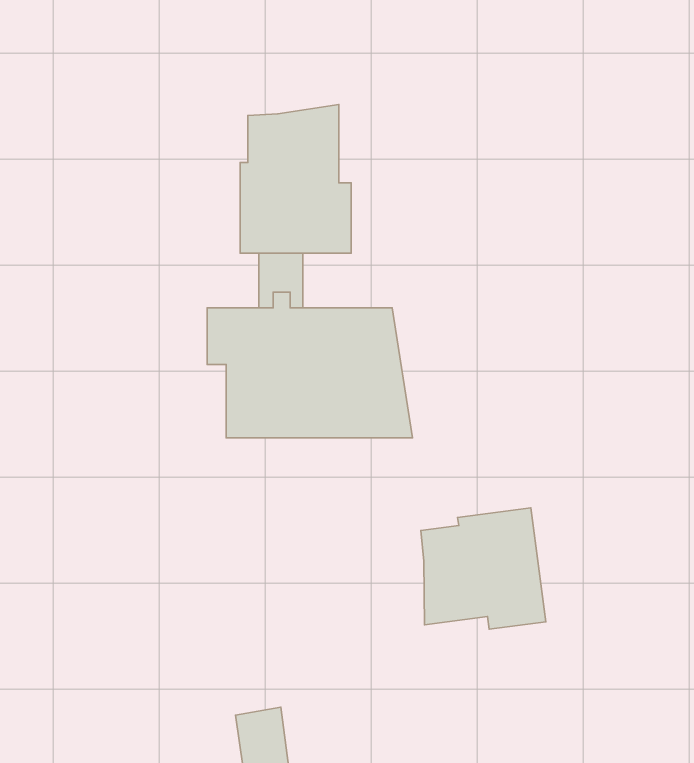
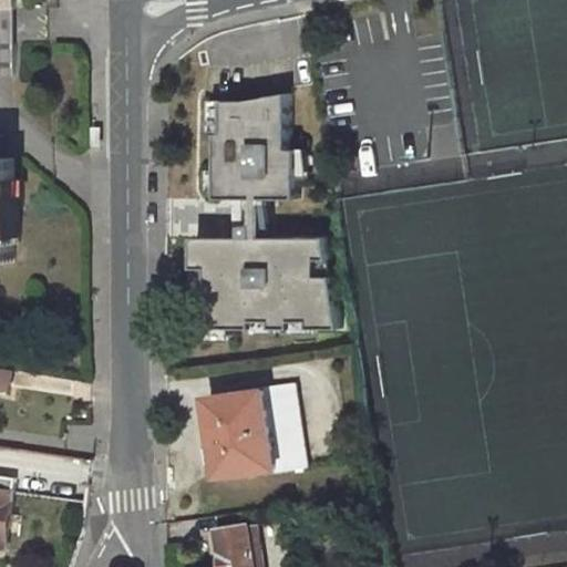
building: [421,508,546,629] -> none
building: none -> [200,381,298,474]

